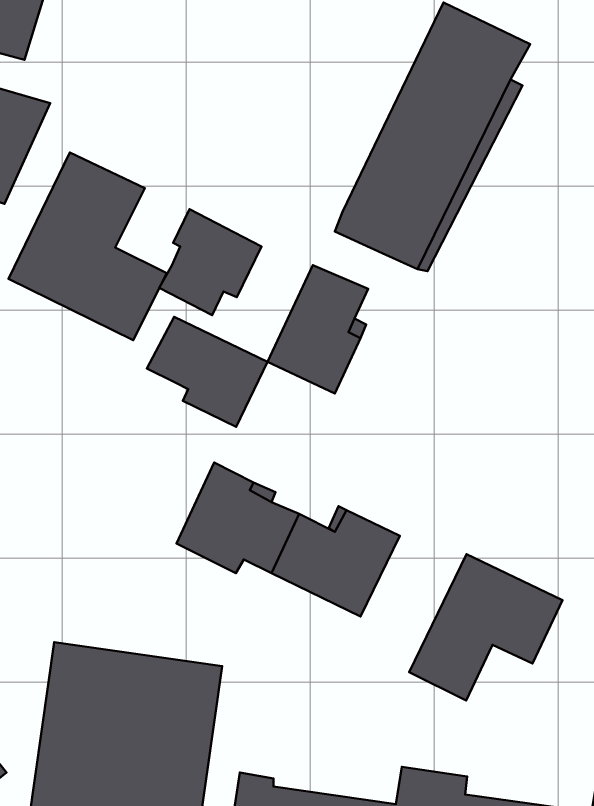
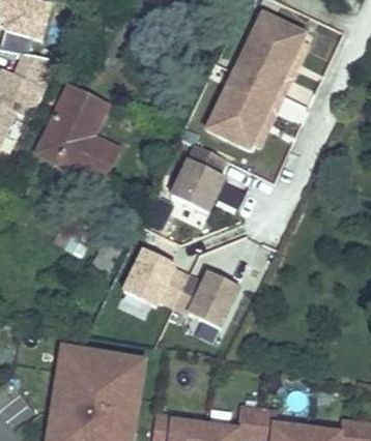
building: [159,209,261,315] -> none
building: [147,317,267,427] -> none
building: [409,554,563,701] -> none

